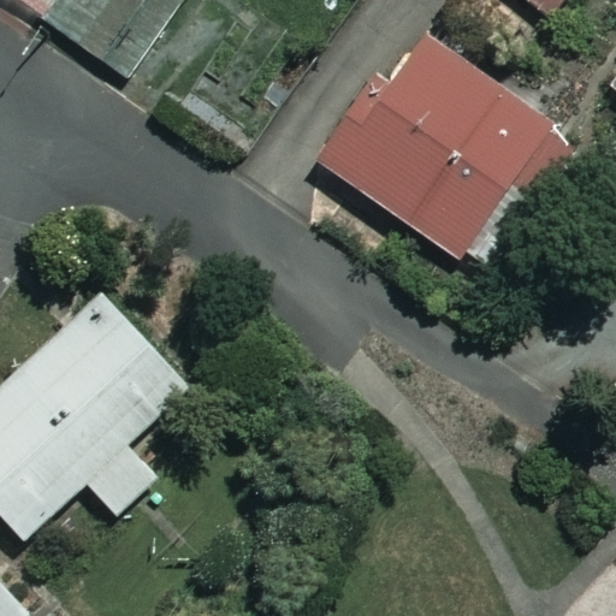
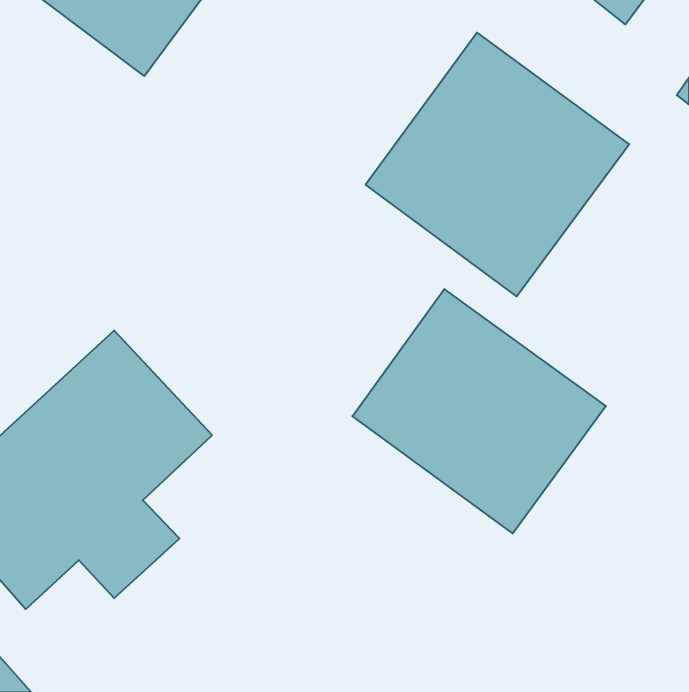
building: none -> [352,289,606,533]

